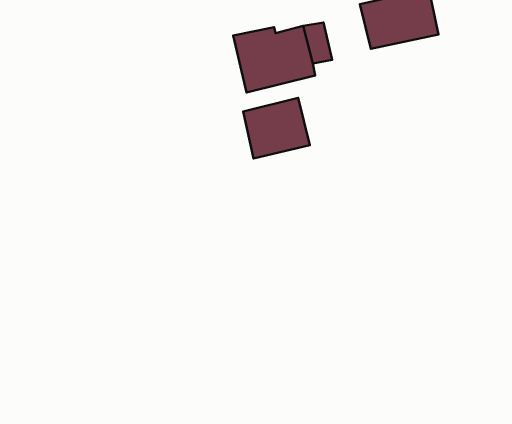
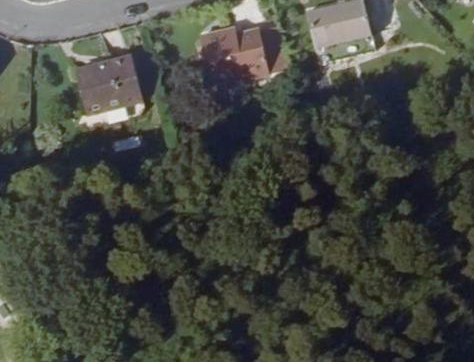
building: none -> [75,56,143,114]
building: [243,98,310,158] -> none

